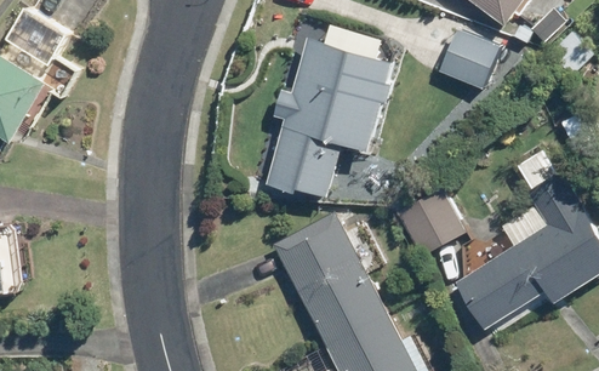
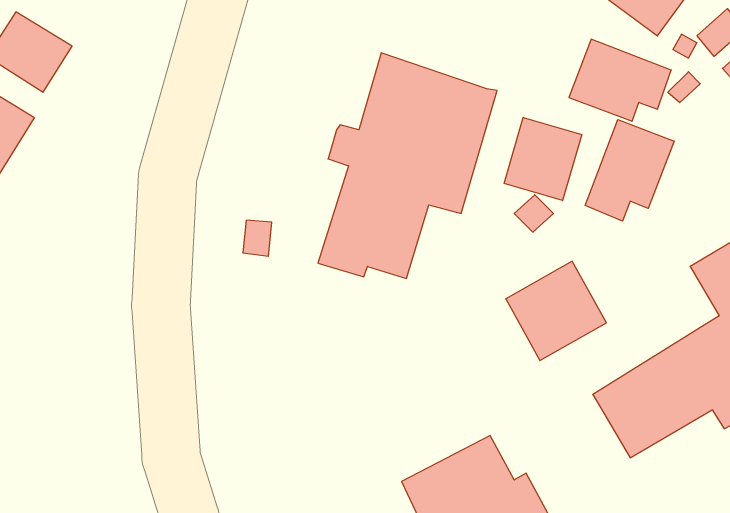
building: none -> [504,117,582,201]
building: none -> [585,120,674,221]
building: [269,210,383,343] -> none

